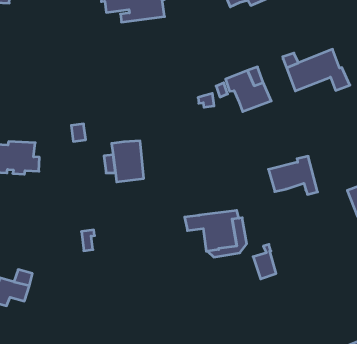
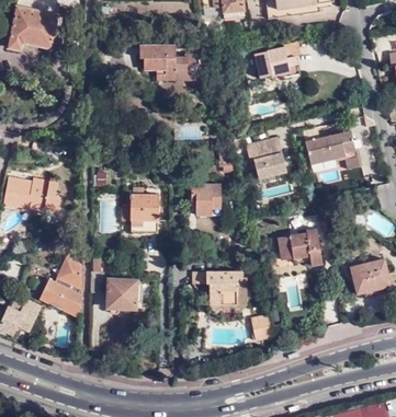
building: none -> [192,184,220,215]
building: none -> [41,258,83,316]
building: none -> [108,279,137,315]

